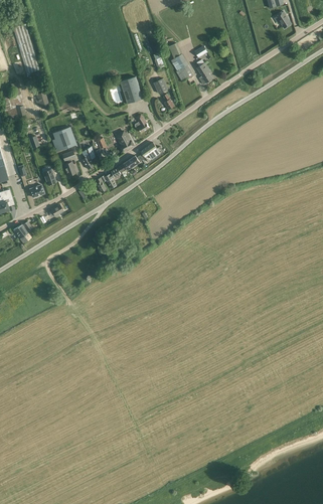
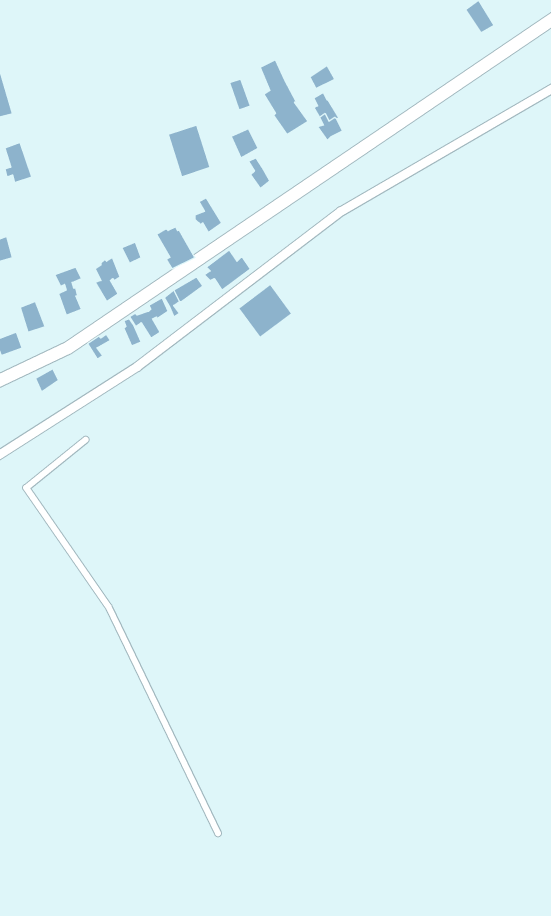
building: [52,127,76,152] -> none
building: none -> [238,284,292,337]

